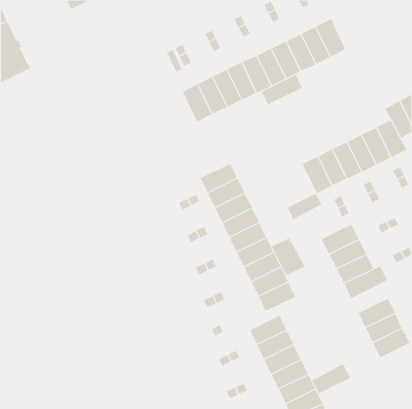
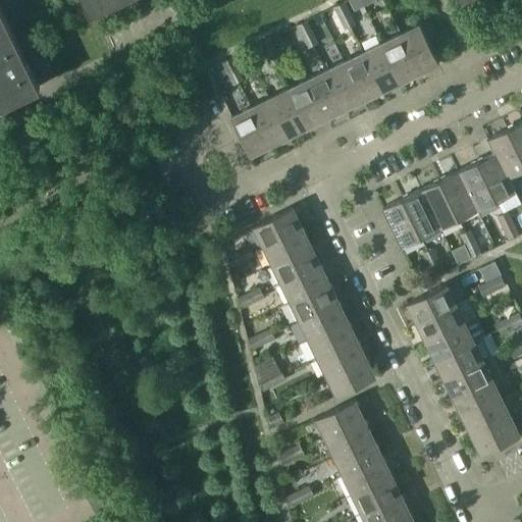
building: [261,74,303,105] -> none
building: [287,193,322,220] -> none
building: [271,237,305,276] -> none
building: none -> [443,358,500,400]
building: [312,363,351,394] -> none

